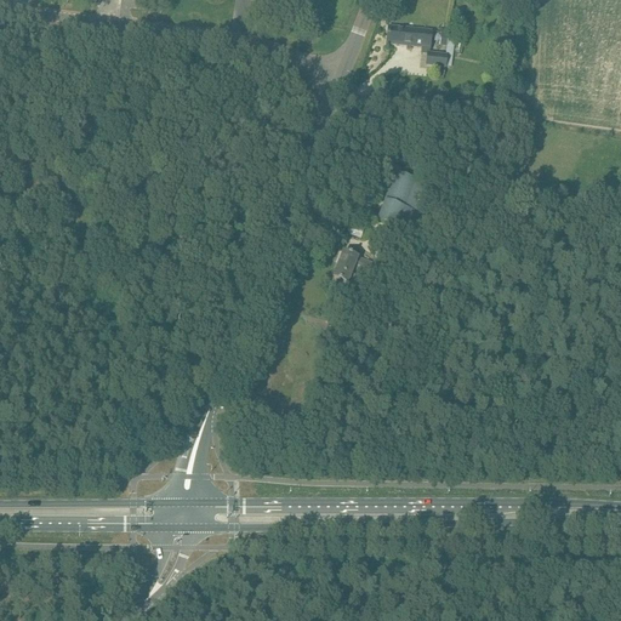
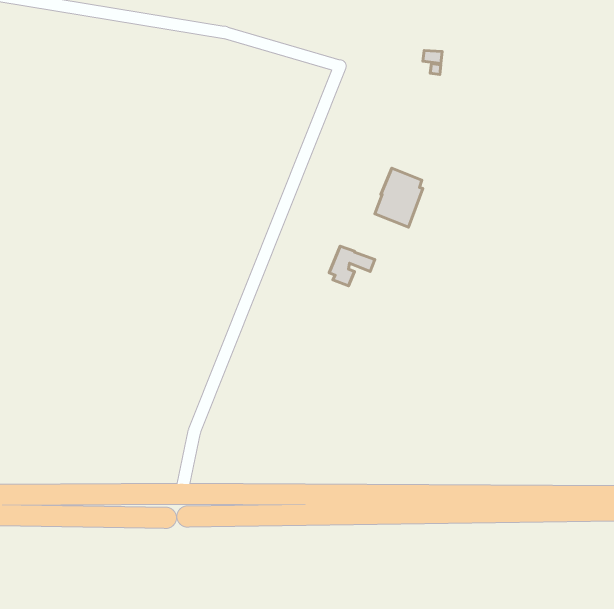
building: [386,23,432,45] -> none

